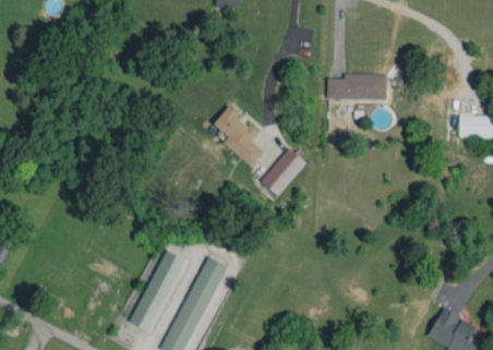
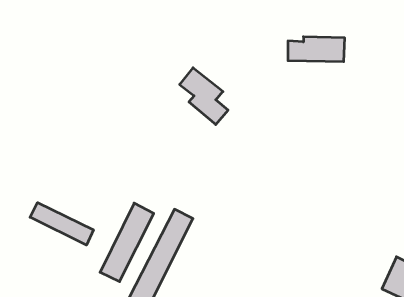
building: [261,148,304,196] -> none
building: none -> [30,203,93,245]

